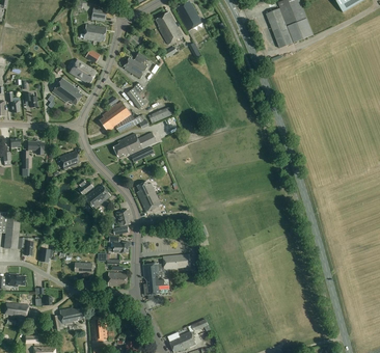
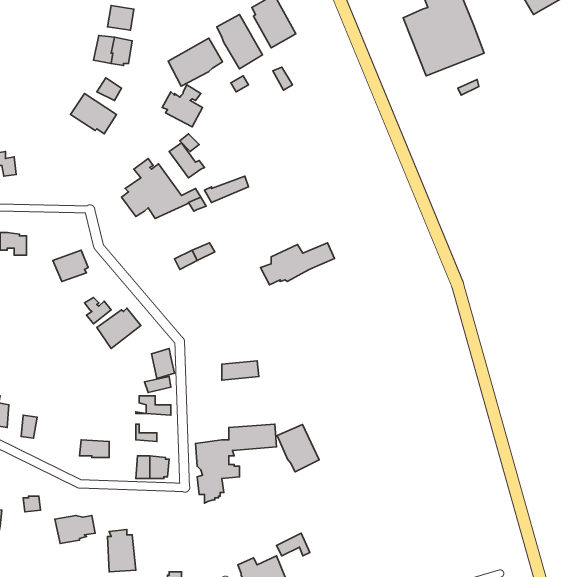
building: none -> [168,38,223,86]
building: [52,77,82,105] -> none
building: [113,132,157,157] -> [261,243,335,285]
building: [136,181,161,212] -> none
building: none -> [277,424,319,472]

